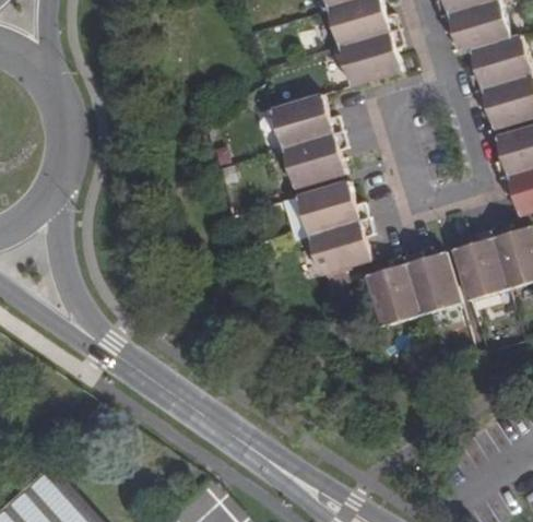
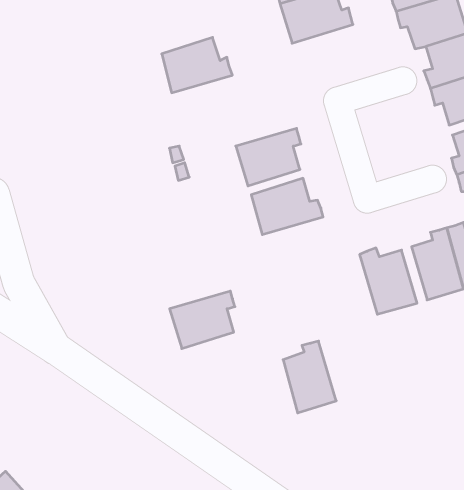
building: [337,29,403,86] -> none
building: [272,95,342,150] -> [162,37,232,93]
building: [308,220,372,276] -> [170,291,235,349]
building: [369,257,422,328] -> [283,341,336,413]

